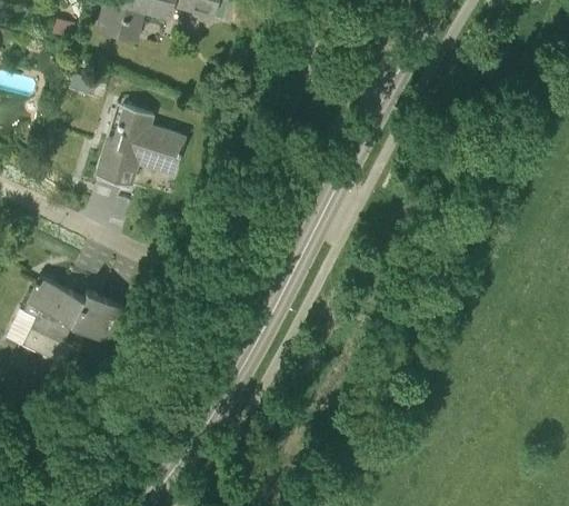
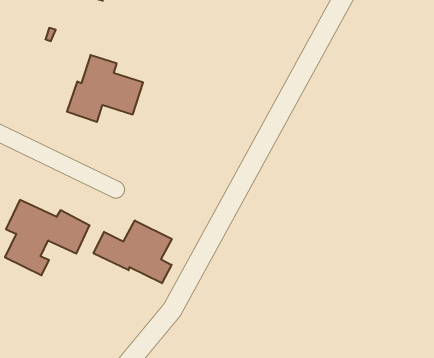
building: none -> [94,220,172,283]

